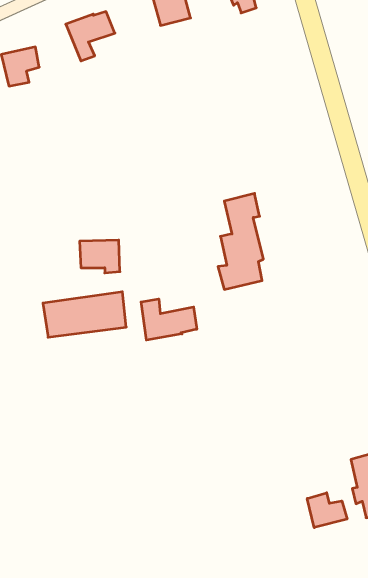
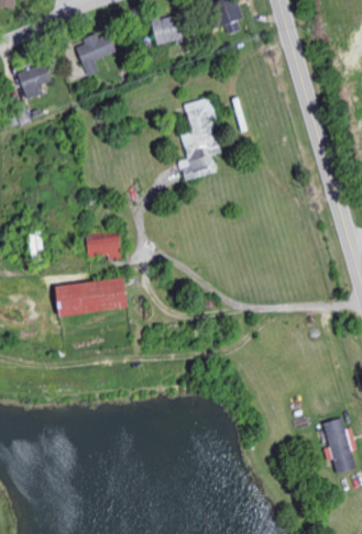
building: [218,193,263,289] -> [178,97,218,180]
building: [141,299,197,340] -> none
building: [307,493,347,528] -> none

